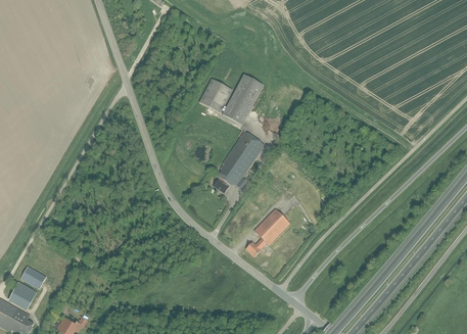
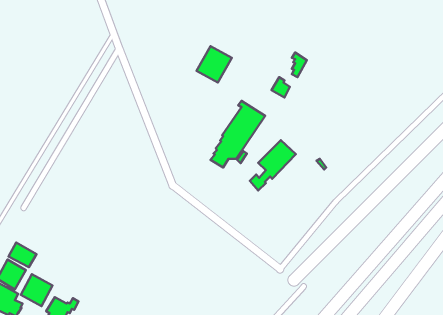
building: [222,74,263,124] -> none
building: [245,209,289,257] -> [250,140,296,191]
building: none -> [21,274,52,306]

